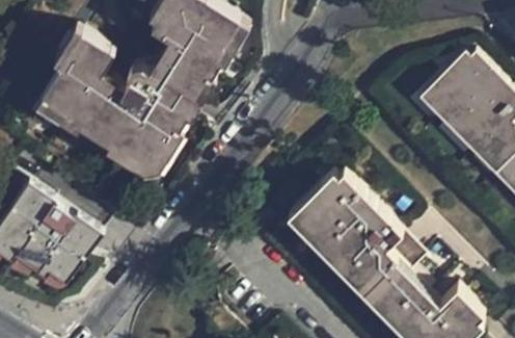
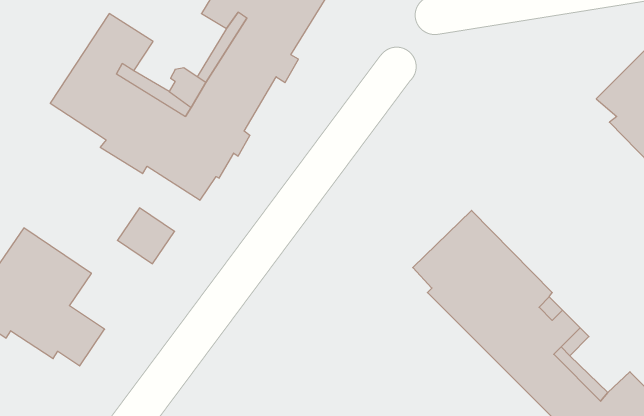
building: [55,220,96,260] -> [117,208,175,264]

